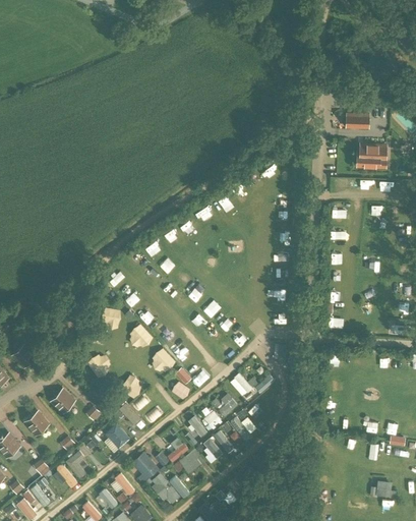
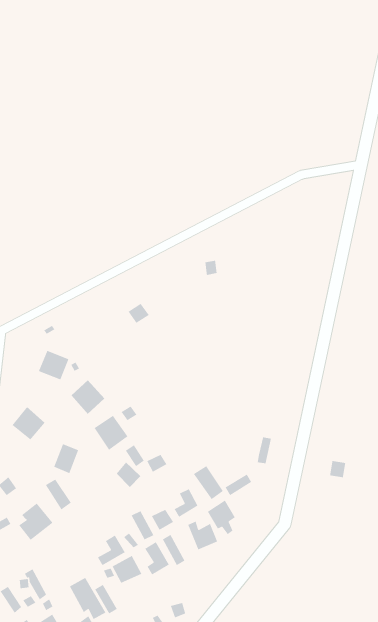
building: [133,451,160,481] -> none

